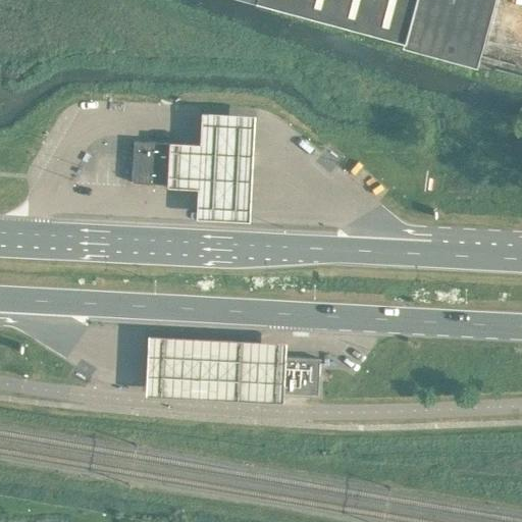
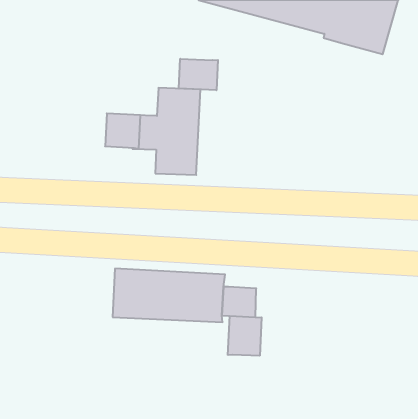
building: none -> [179,59,218,90]
building: none -> [228,316,262,356]

